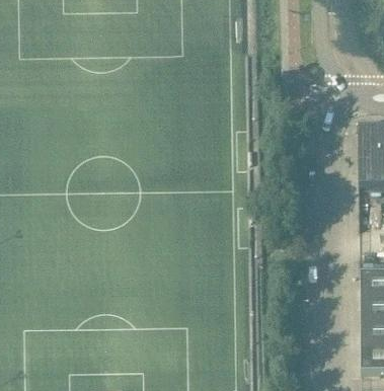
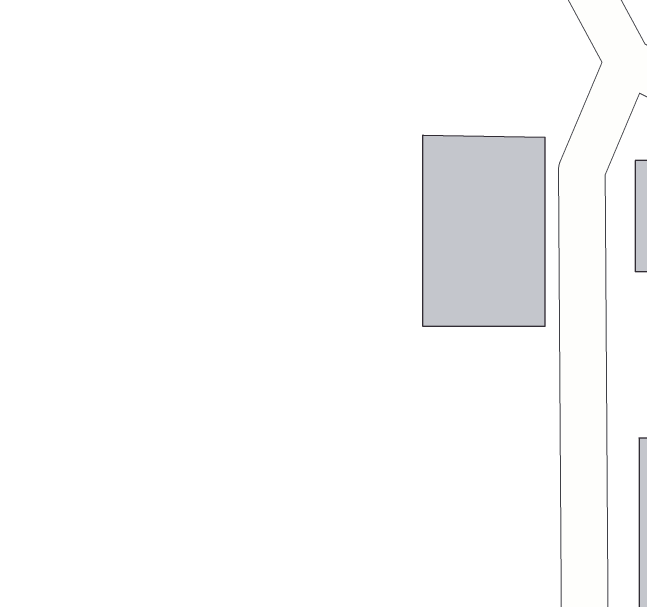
building: none -> [423,135,545,326]

